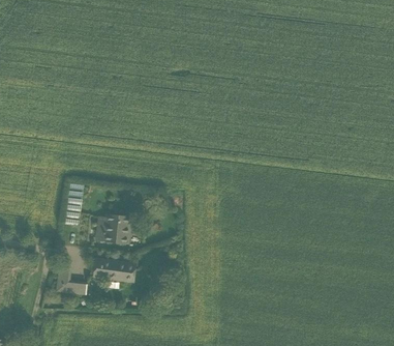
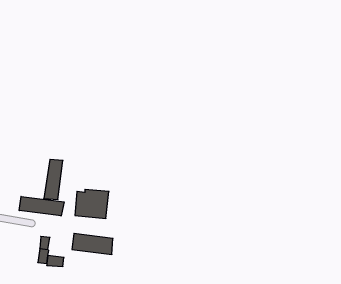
building: none -> [19,196,64,216]

